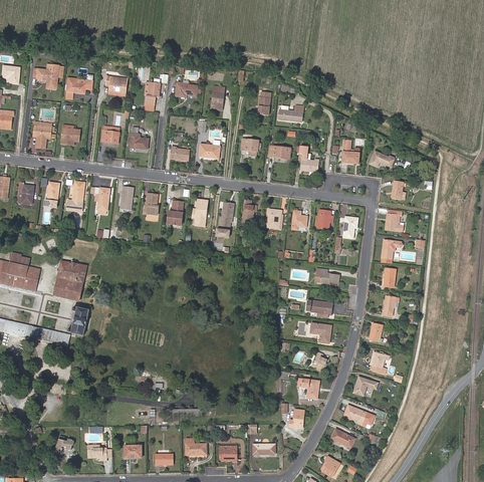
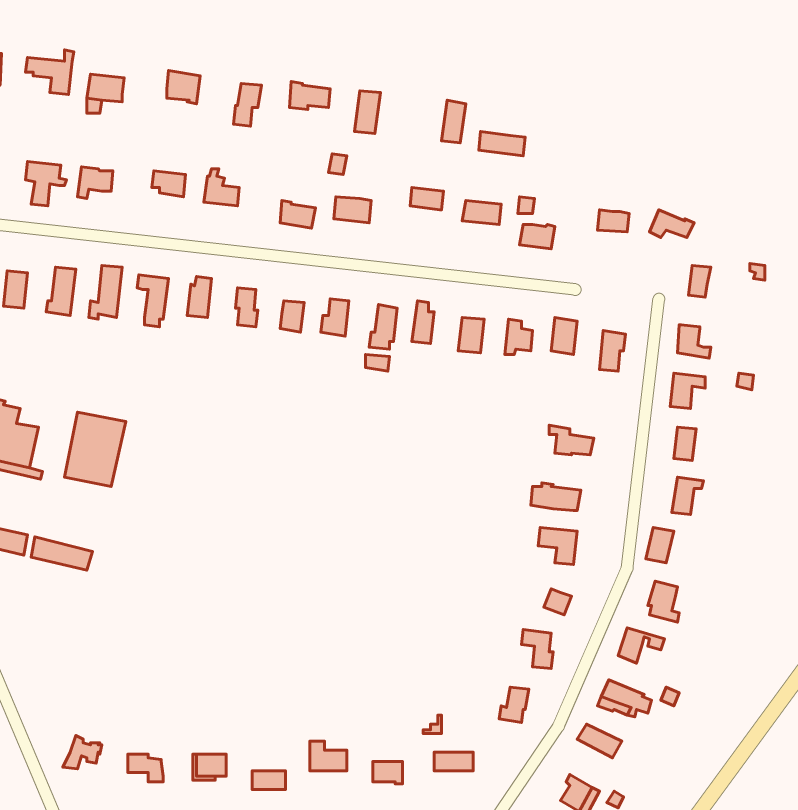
building: [67,306,88,335] -> none

